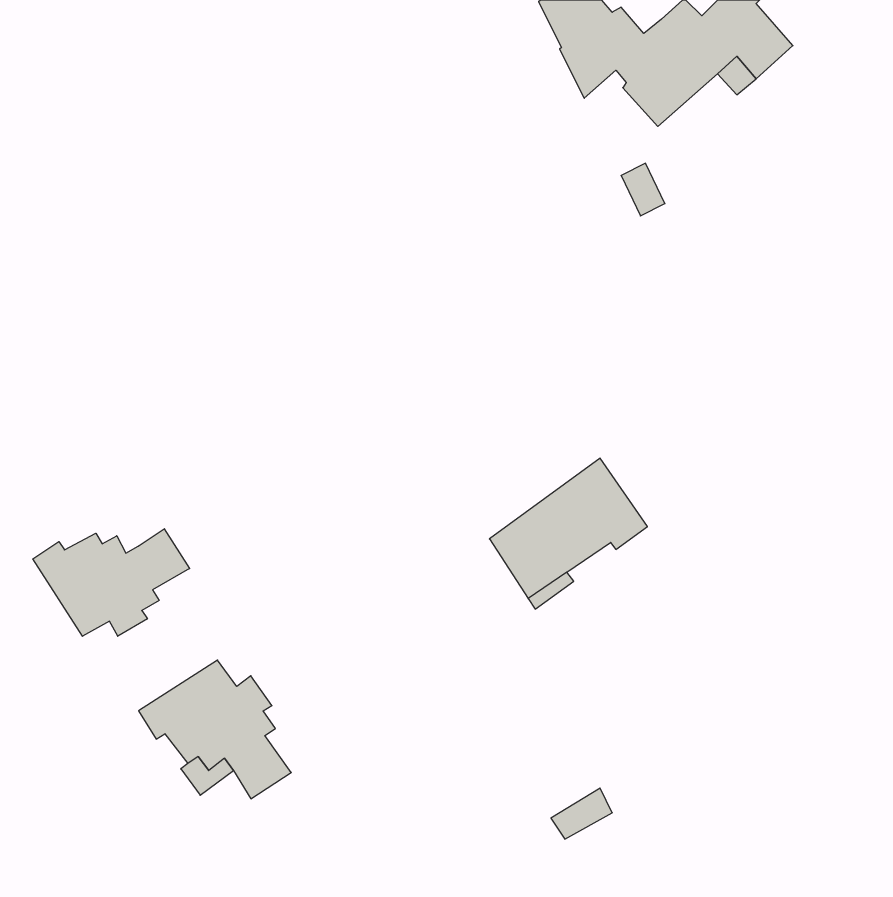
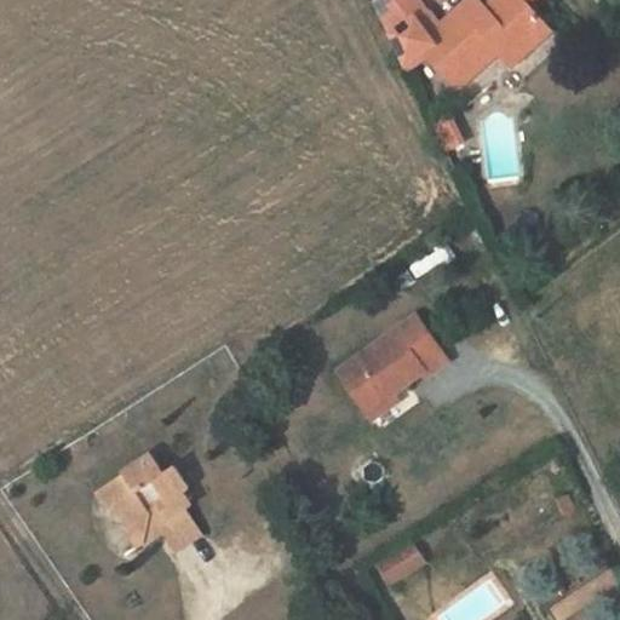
building: [33,529,190,636] -> none

